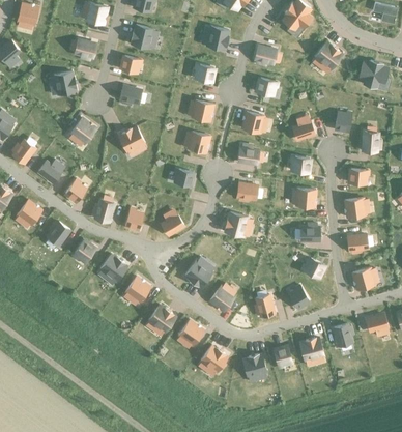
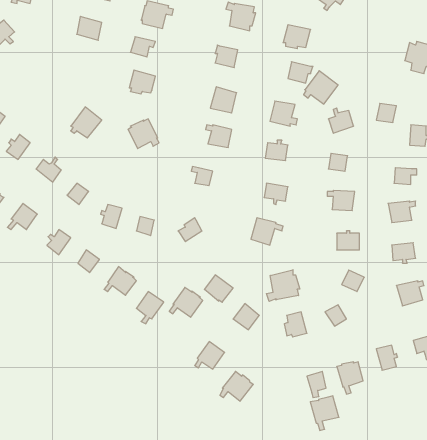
building: [312,40,342,69] -> [304,71,338,104]
building: [49,71,76,94] -> none
building: none -> [266,270,300,301]
building: [145,306,174,332] -> [169,287,203,317]
building: [241,353,266,383] -> [310,396,339,430]

